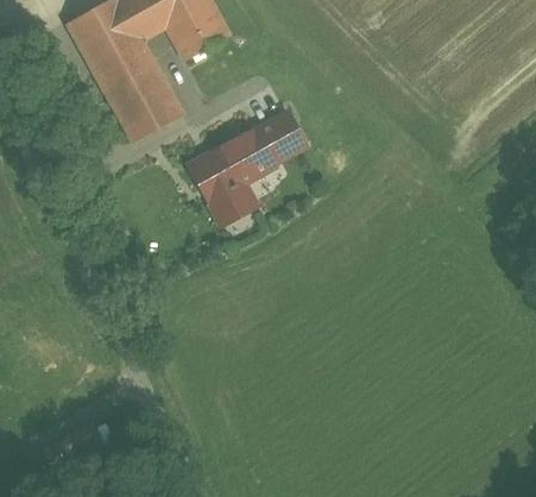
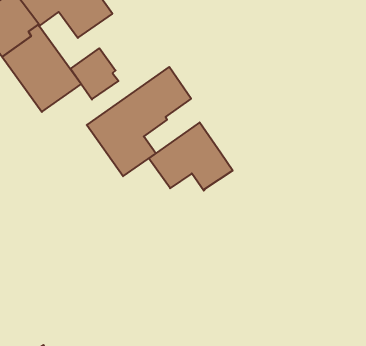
building: none -> [70,48,118,100]
building: none -> [149,122,233,191]

